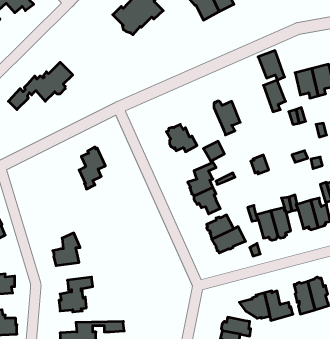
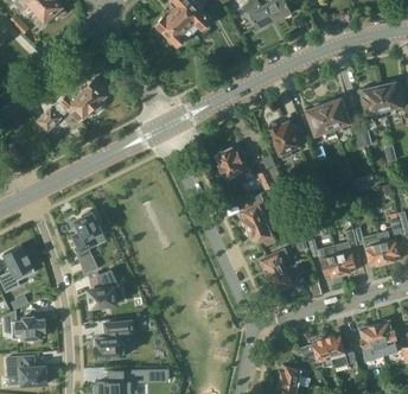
building: [258,51,285,80] -> [306,103,336,136]
building: [79,147,105,189] -> [72,210,102,258]

